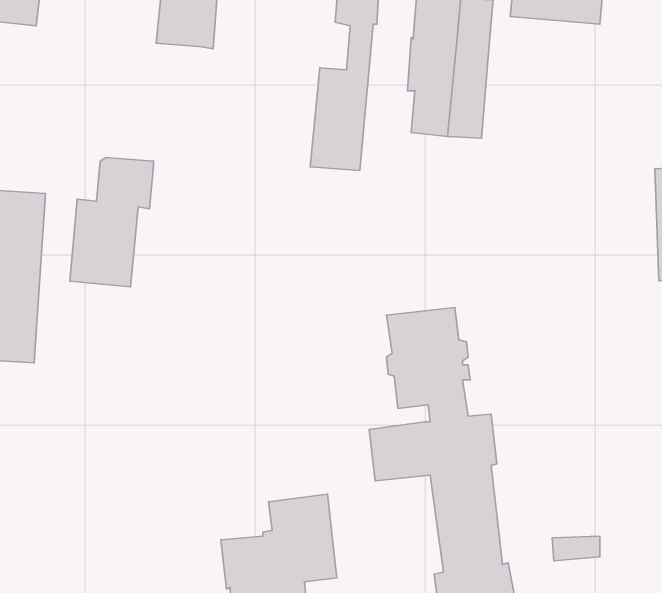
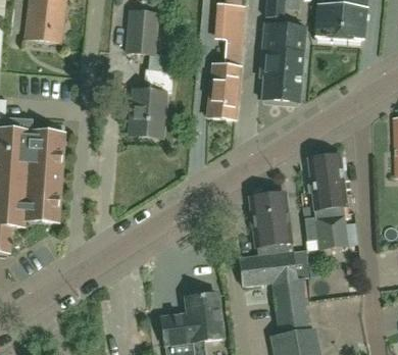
building: [70,157,153,287] -> [130,66,175,136]
building: none -> [305,153,351,246]

